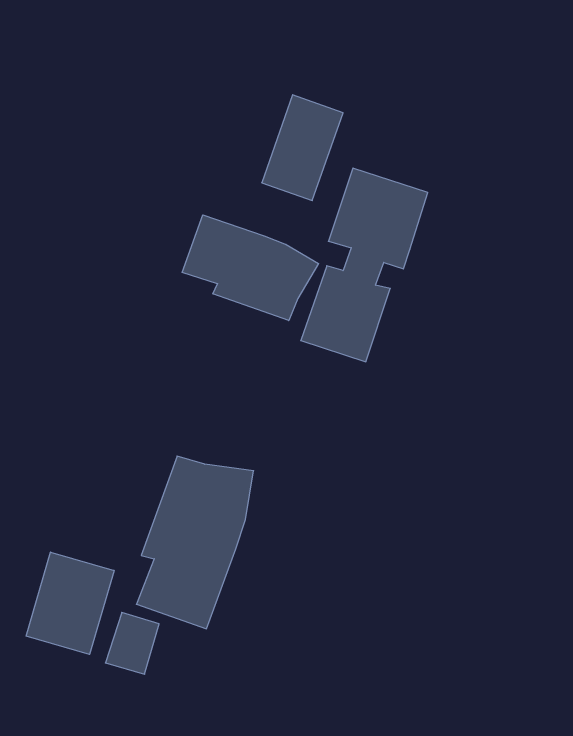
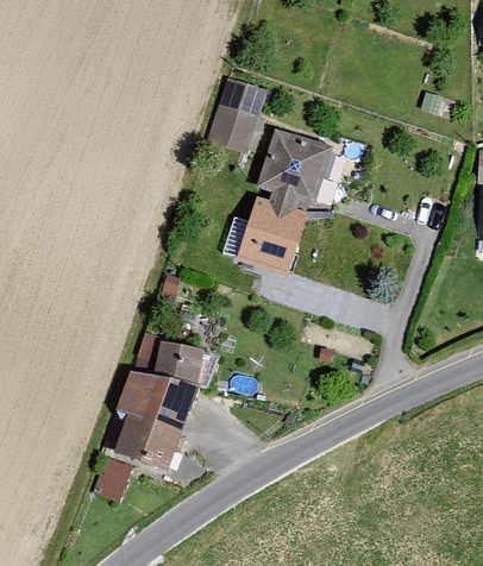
building: [182,215,319,321] -> none
building: [26,552,114,654] -> none

